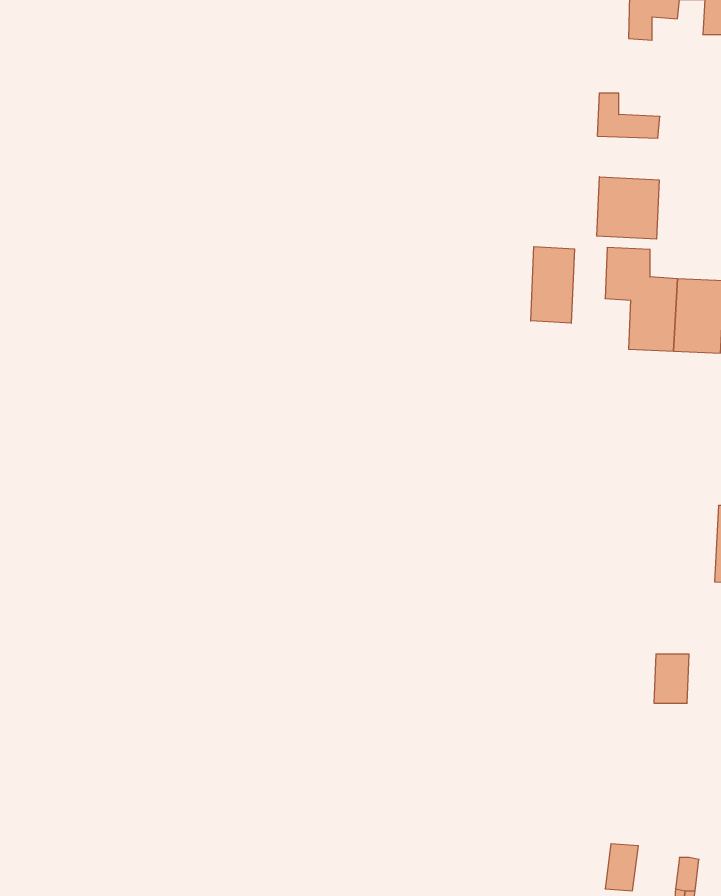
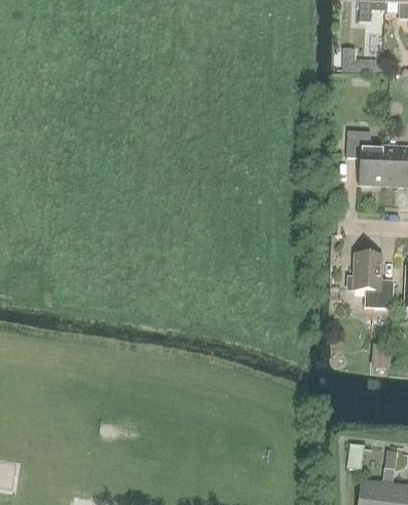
building: [597,177,659,239] -> none
building: [531,247,574,323] -> none
building: none -> [347,254,394,308]

